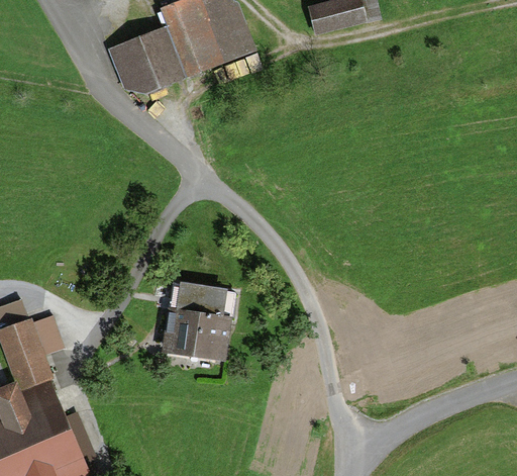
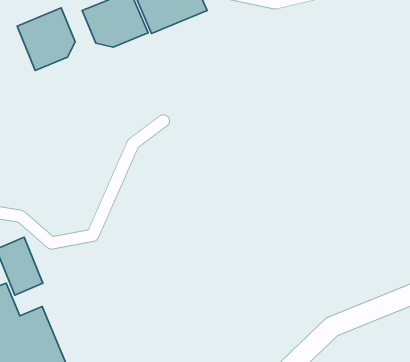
building: none -> [17,8,75,70]
building: [160,285,234,365] -> none

